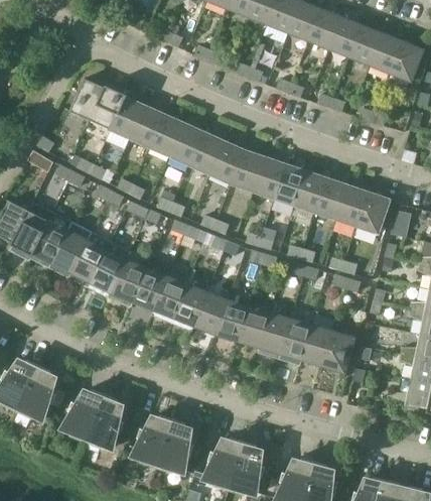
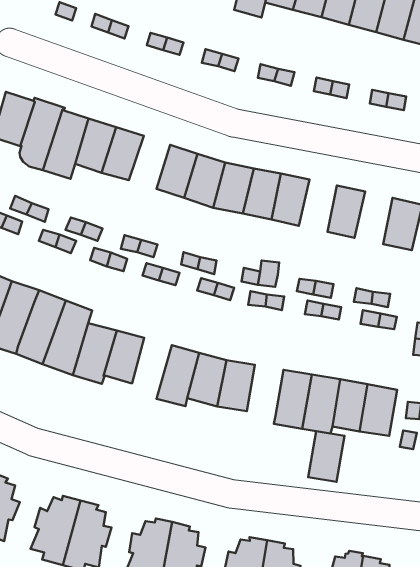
building: [169,123,203,164] -> none
building: [294,170,326,212] -> none
building: [335,184,368,226] -> none
building: [151,276,187,324] -> none
building: [239,306,270,347] -> [308,431,345,482]

